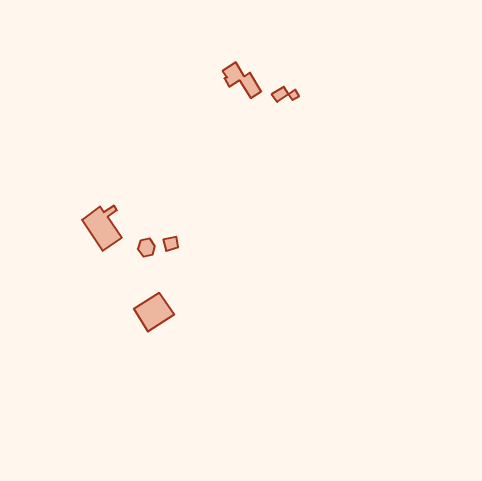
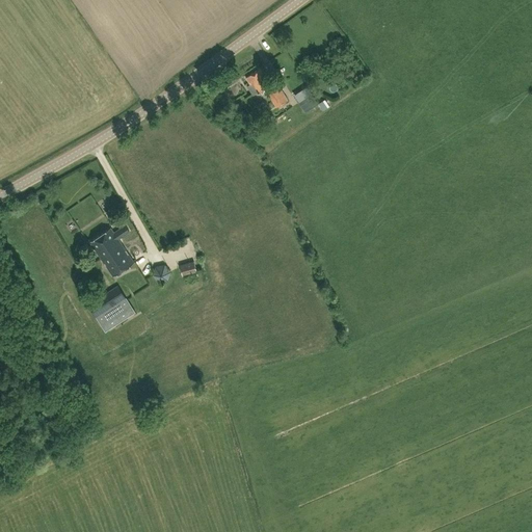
building: [134,293,174,332] -> [89,287,134,329]

